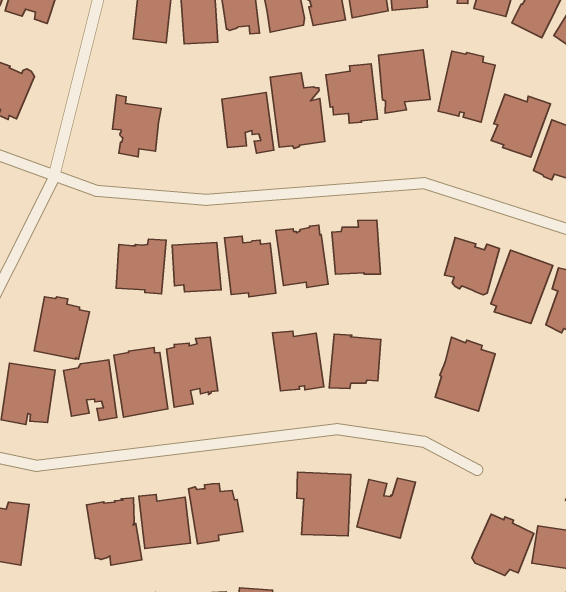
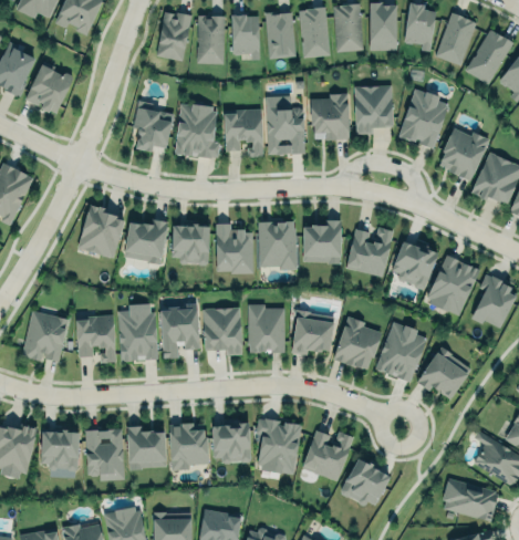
building: none -> [175,103,220,157]
building: none -> [346,227,393,277]
building: [34,297,89,359] -> [77,205,125,258]
building: none -> [203,305,242,355]
building: none -> [333,315,382,368]
building: none -> [416,346,470,398]
building: none -> [212,425,251,464]
building: none -> [40,429,80,471]
building: [472,514,534,575] -> [339,457,391,508]

